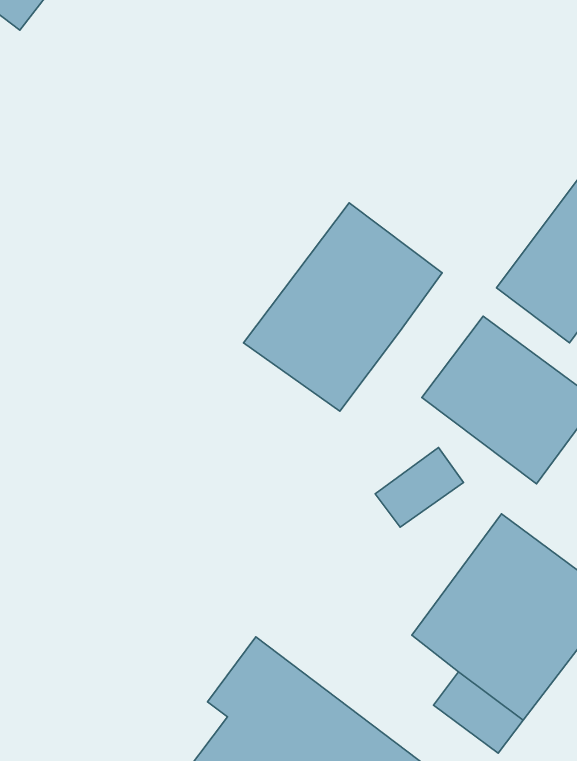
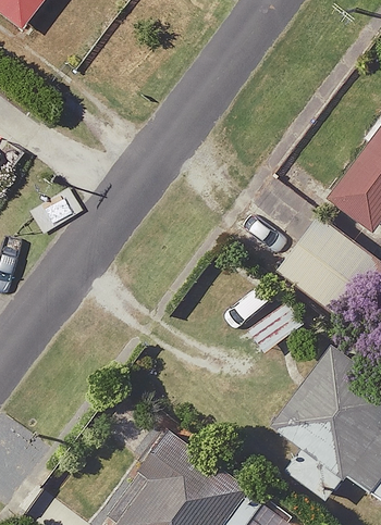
building: [244,203,442,411] -> none

